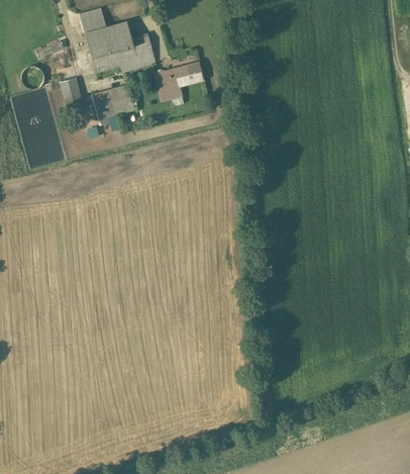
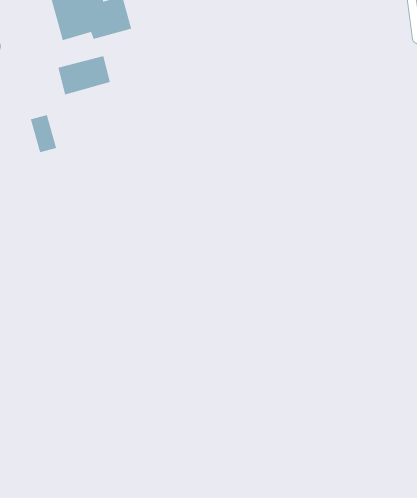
building: [152,62,202,100] -> none
building: [59,77,82,110] -> [30,114,57,153]

